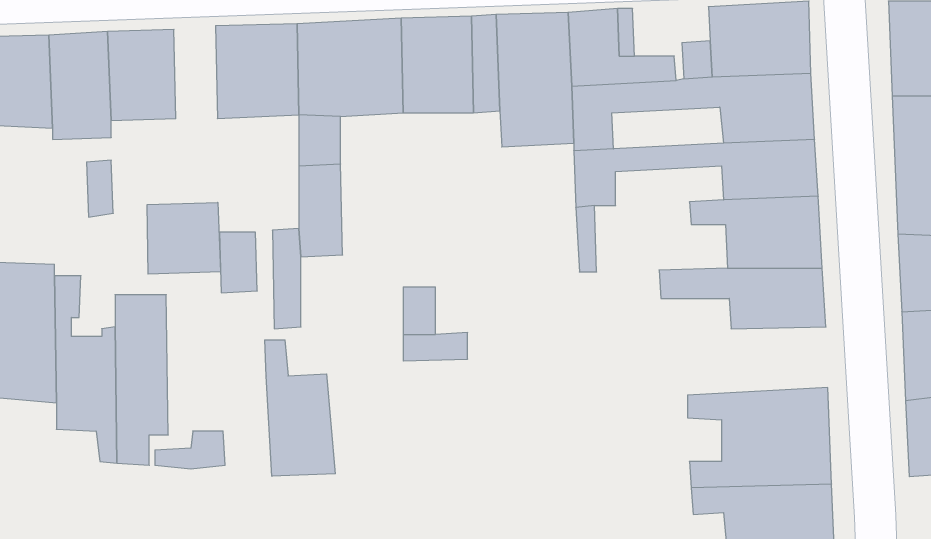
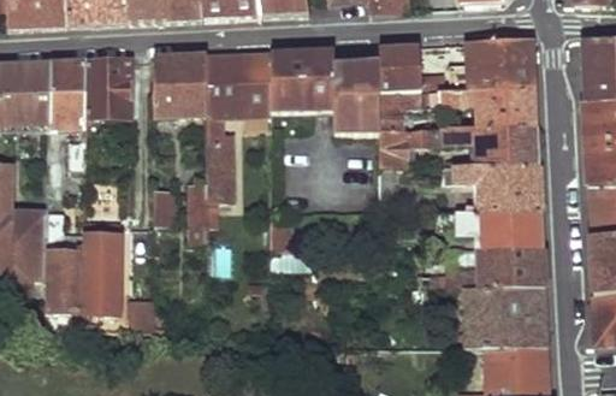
building: [147,202,221,274] -> none
building: none -> [421,247,544,292]
building: [265,340,335,476] -> none

